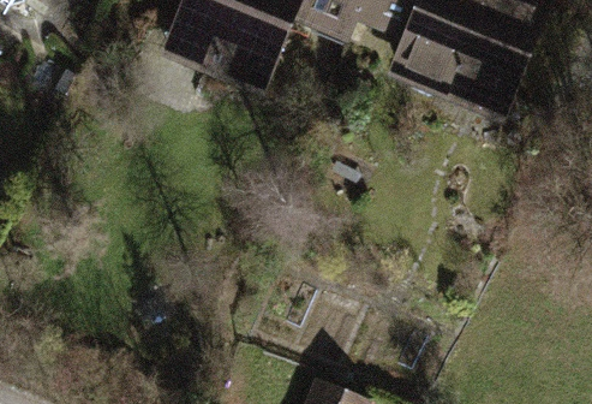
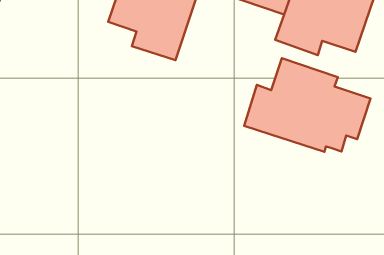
building: none -> [244,58,371,152]

